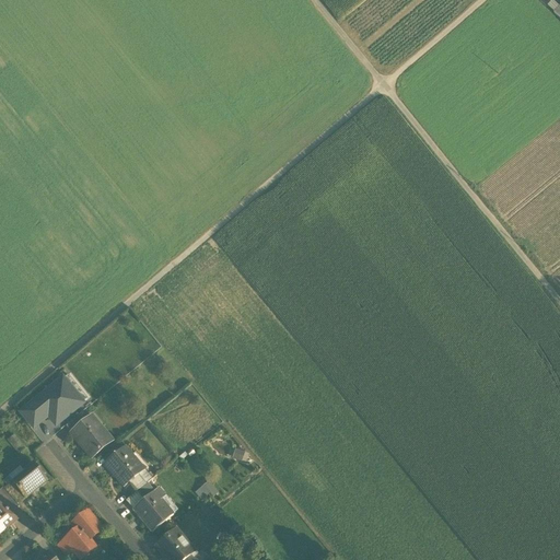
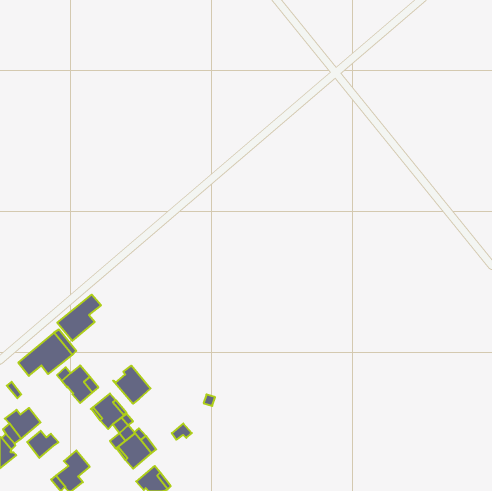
building: none -> [57,295,101,341]
building: none -> [113,366,151,404]
building: none -> [27,431,58,458]

